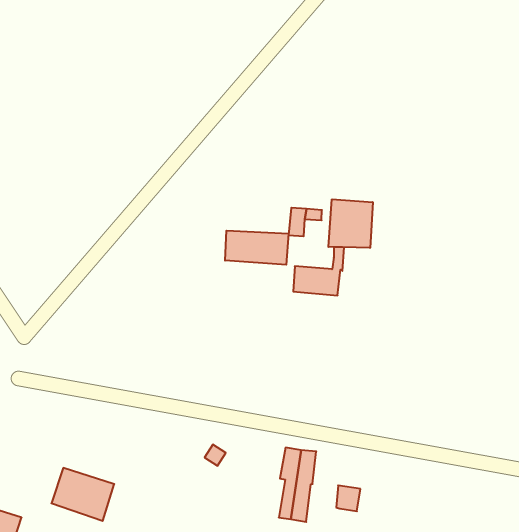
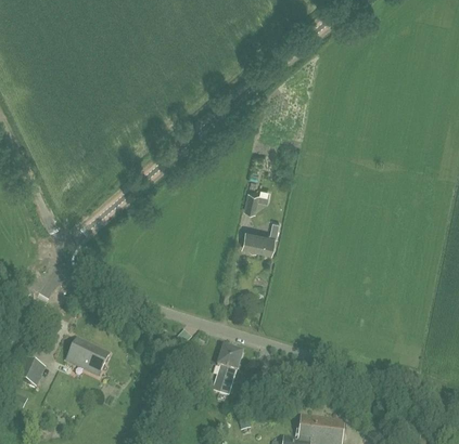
building: [328,199,373,248] -> none
building: [225,231,289,265] -> none

